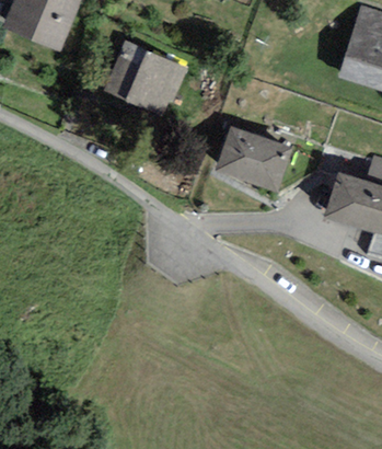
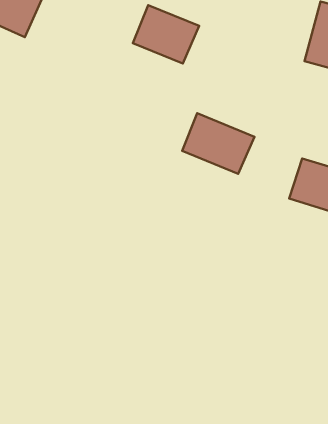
building: [112,47,178,106] -> [133,5,199,64]

